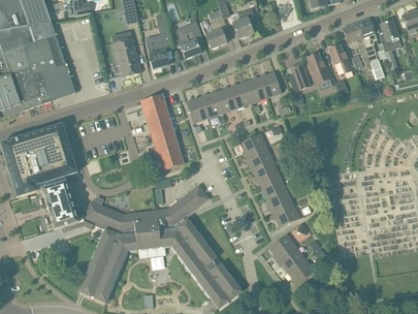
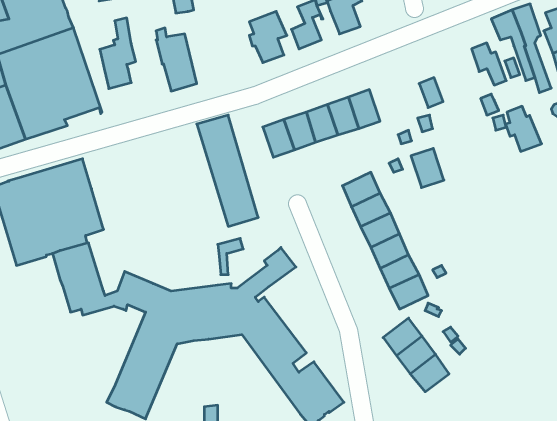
building: [147,20,171,68] -> [100,18,136,89]
building: [307,53,331,84] -> [505,106,542,151]
building: [259,71,282,98] -> [411,148,444,188]

